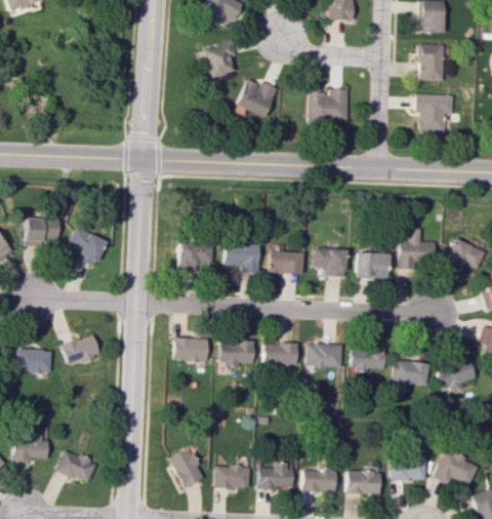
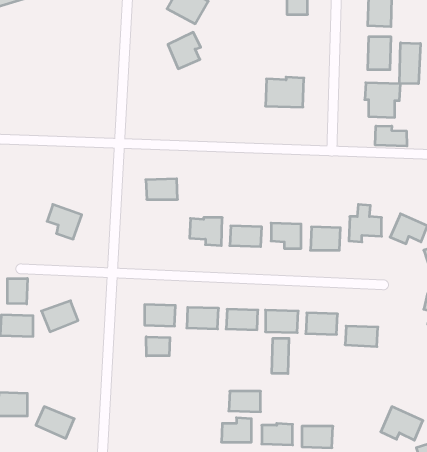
building: none -> [399,43,420,84]
building: [235,79,276,119] -> none
building: none -> [375,126,407,146]
building: [26,217,58,246] -> none
building: [177,242,212,265] -> [146,179,178,199]
building: none -> [7,278,27,304]
building: [439,358,478,391] -> none
building: none -> [146,337,170,356]
building: none -> [272,338,289,374]
building: [169,447,204,488] -> none
building: [391,458,425,480] -> none
building: [214,466,249,488] -> [229,391,261,412]

